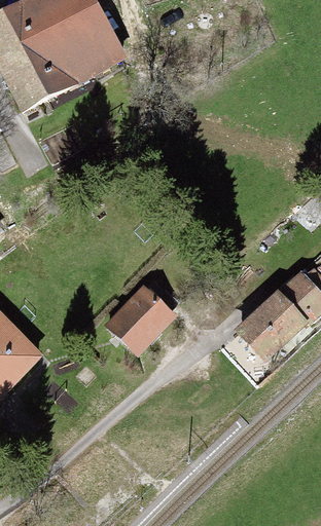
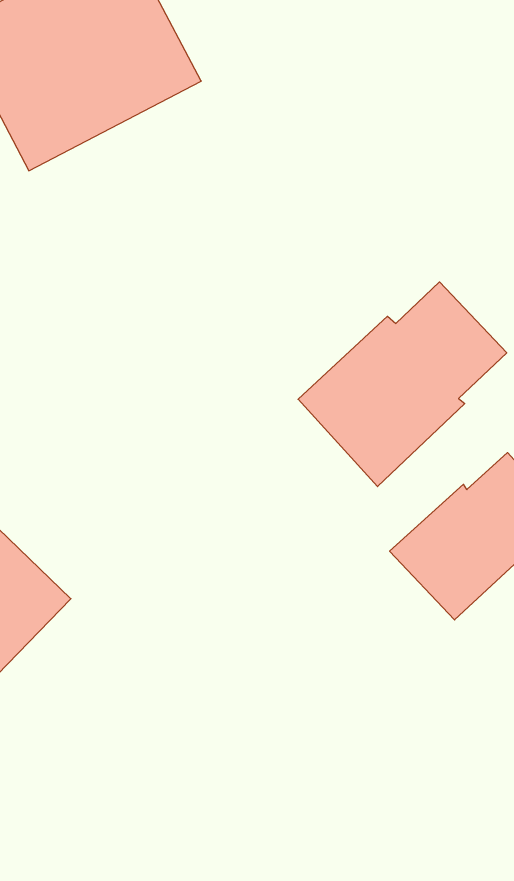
building: none -> [298,282,507,487]
building: [109,289,174,353] -> none

